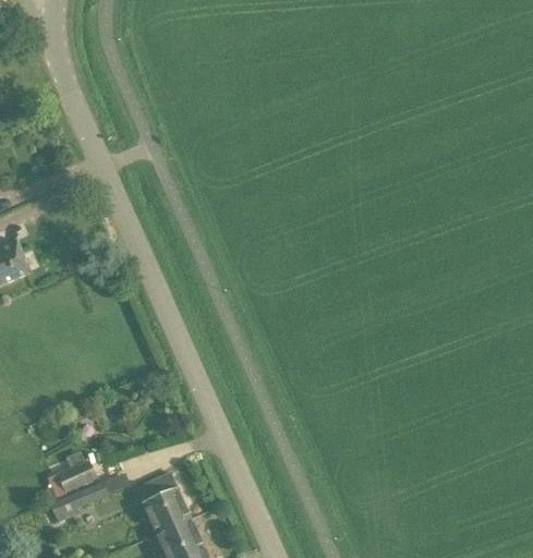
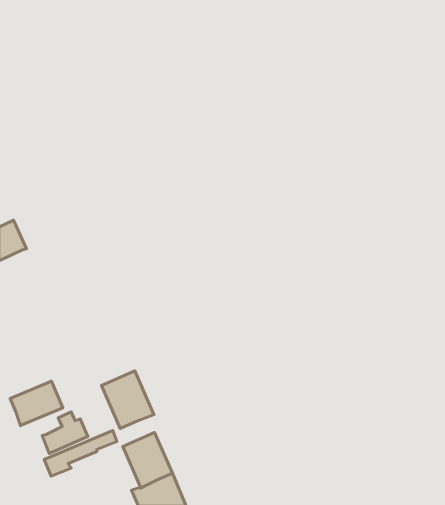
building: none -> [101,371,154,428]
building: none -> [10,381,63,426]

